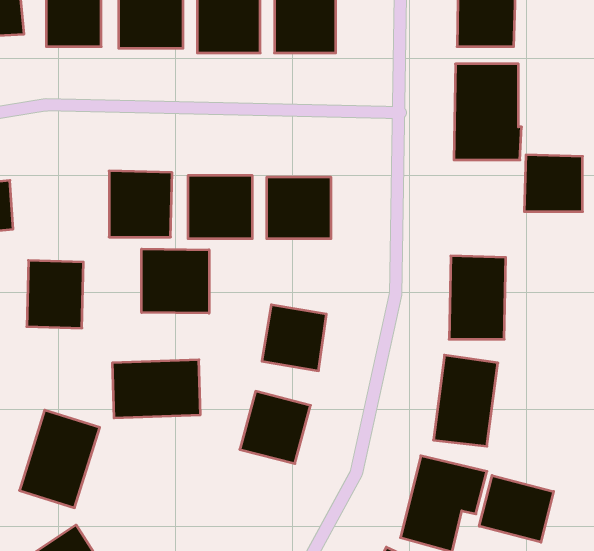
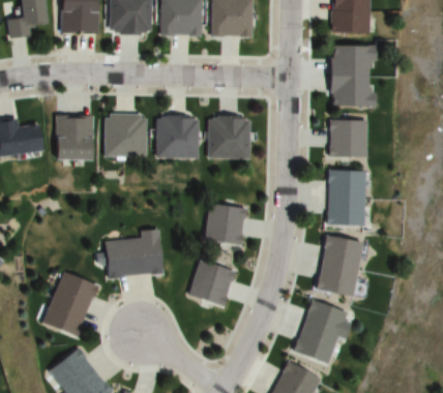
building: [524,155,583,212] -> [329,119,367,156]
building: [142,249,209,313] -> none
building: [27,260,83,328] -> [54,115,91,159]
building: [479,475,554,542] -> none

